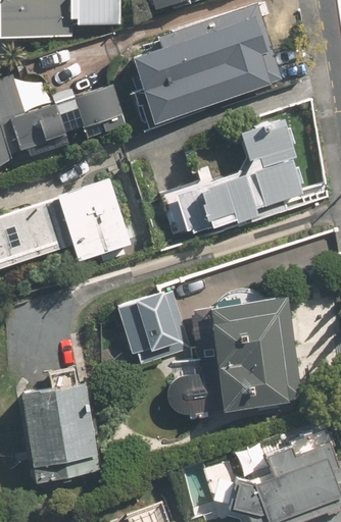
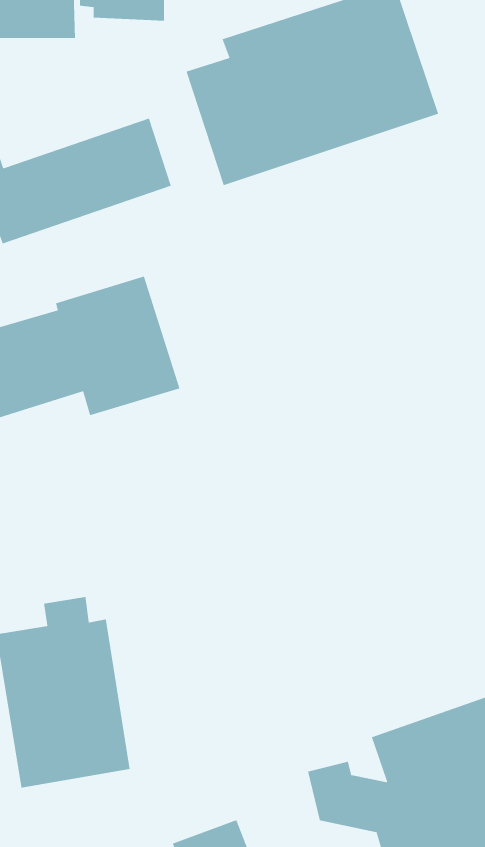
building: [159,116,303,234] -> none
building: [116,290,189,363] -> none
building: [194,295,303,413] -> none

